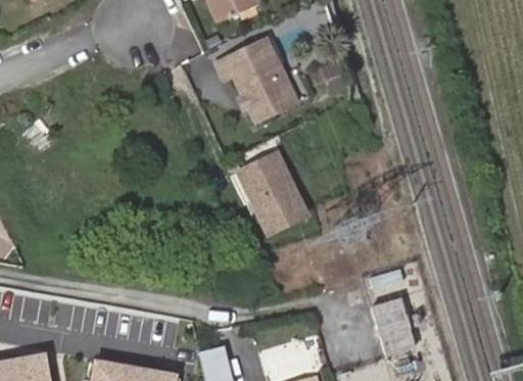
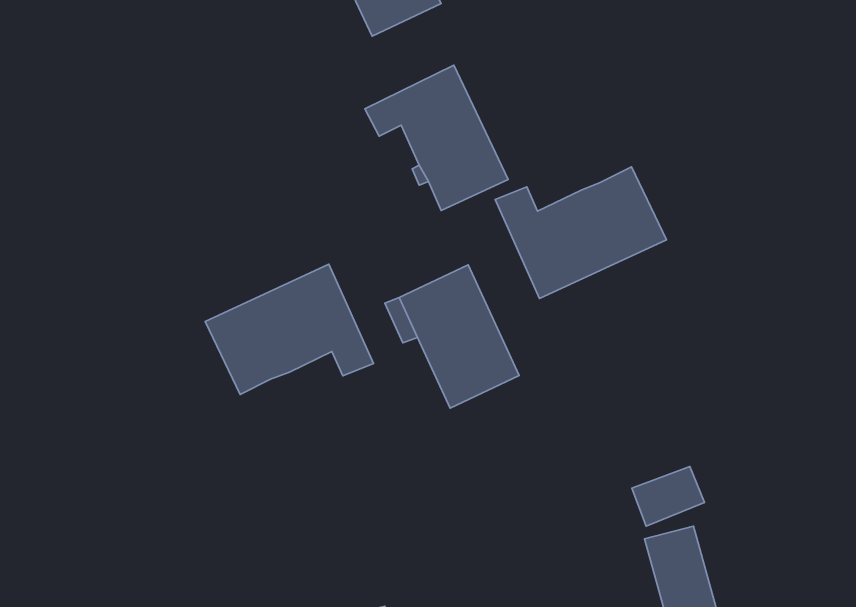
building: none -> [495,167,666,298]
building: none -> [205,264,373,395]

